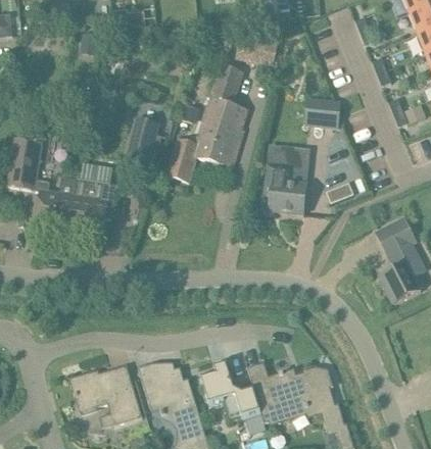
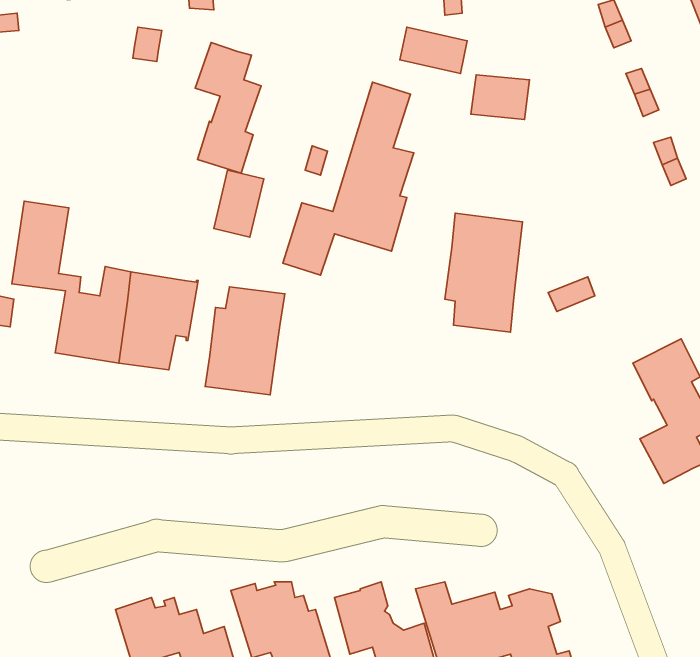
building: none -> [195,43,261,173]
building: [304,98,339,124] -> [471,75,530,119]
building: none -> [205,287,285,395]

